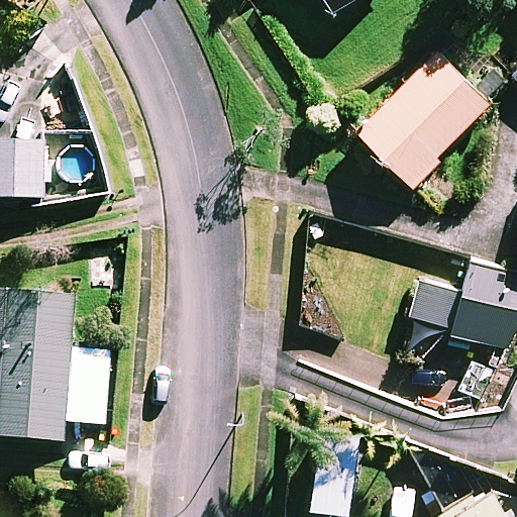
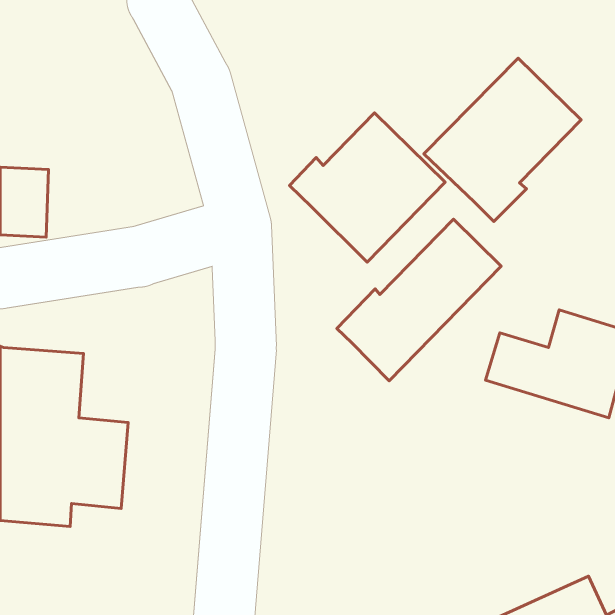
building: none -> [290,113,445,262]
building: none -> [337,219,501,381]

